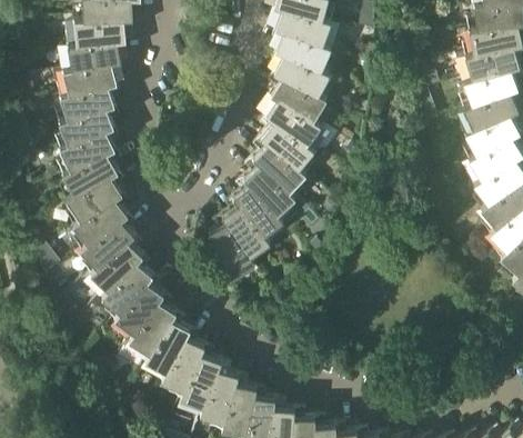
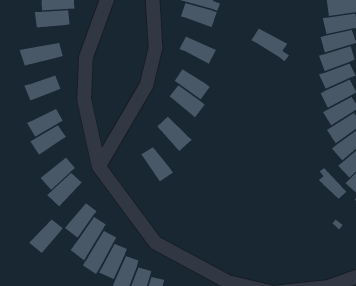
building: [275,34,328,73] -> none
building: [70,44,120,73] -> none
building: [271,80,325,128] -> [250,27,290,62]
building: [62,89,114,123] -> none
building: [62,135,114,173] -> none
building: [252,147,303,195] -> none
building: [233,189,281,238] -> none
building: [74,201,127,247] -> none
building: [208,228,253,287] -> none
building: none -> [318,167,347,200]
building: [103,266,152,315] -> [28,218,64,254]

